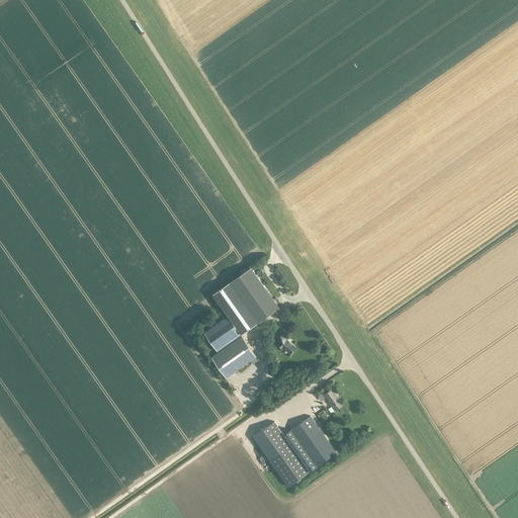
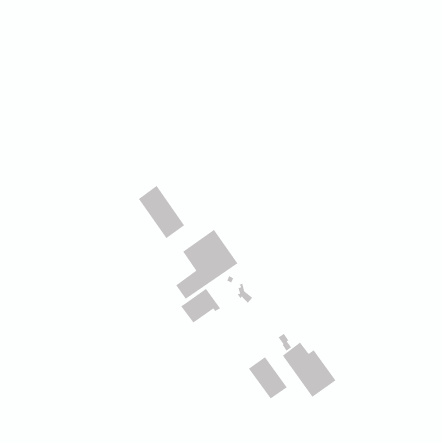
building: none -> [138,185,185,239]
building: [252,421,316,487] -> [282,341,337,398]

